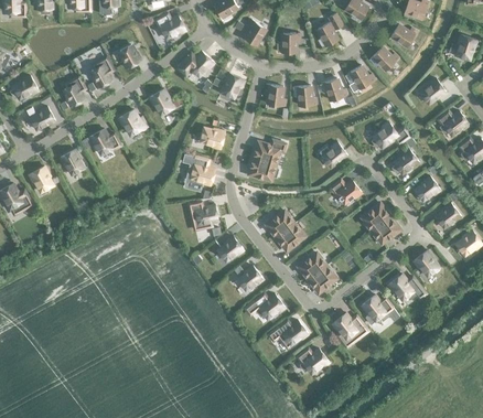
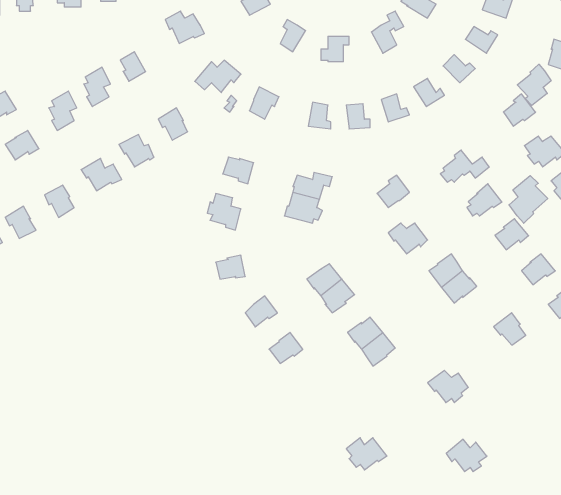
building: none -> [517,64,551,105]
building: none -> [509,176,548,223]
building: [387,274,419,299] -> none
building: [251,292,283,318] -> none
building: [331,312,363,337] -> [446,439,487,472]
building: [275,319,307,344] -> none

